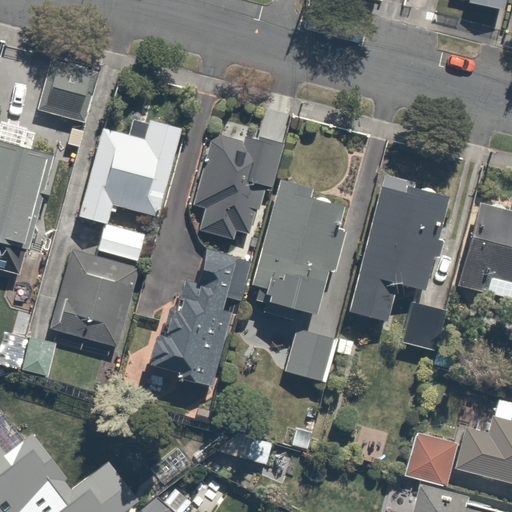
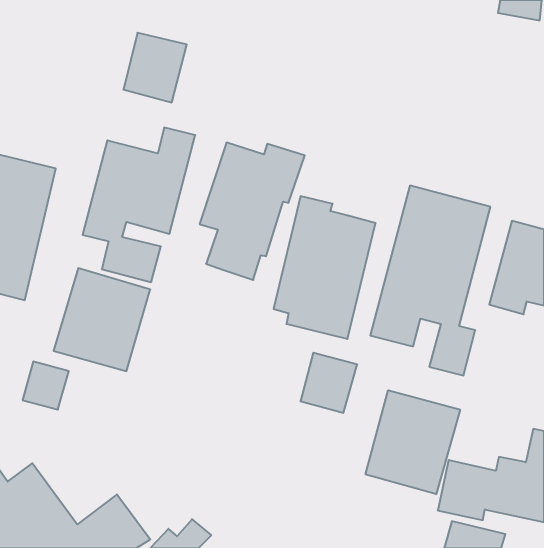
building: [39,59,98,124] -> [123,33,187,102]
building: [152,252,251,389] -> none
building: none -> [366,390,460,494]

